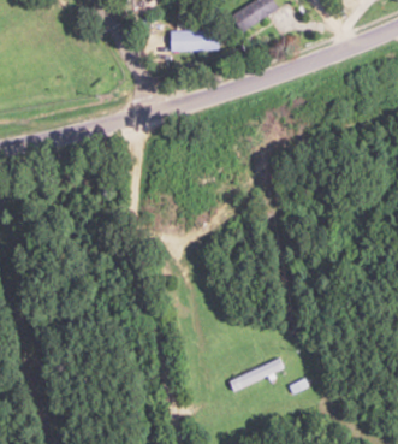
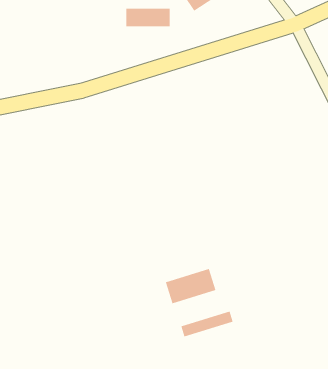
building: none -> [165,268,216,304]

